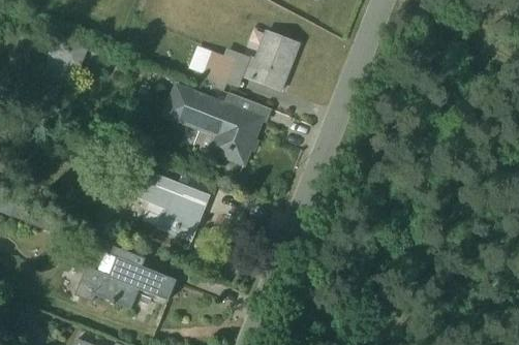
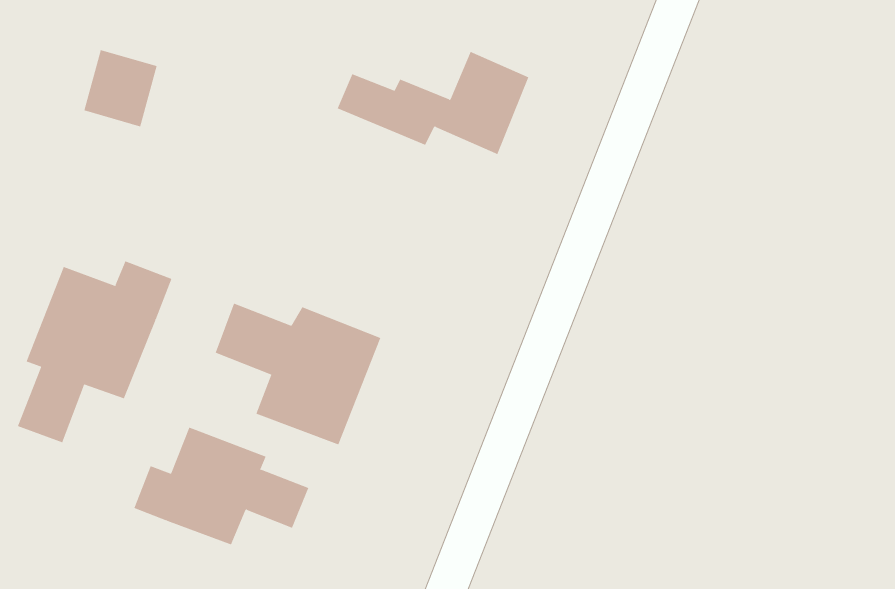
building: [160,84,260,164] -> none
building: none -> [17,260,172,443]

